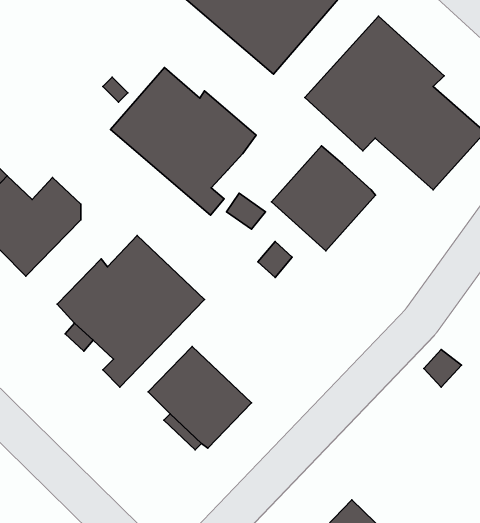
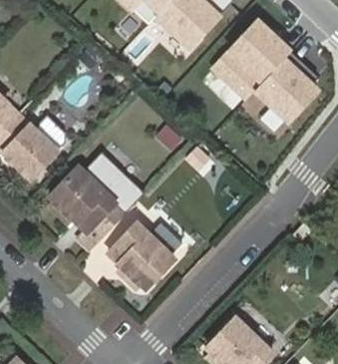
building: [111,68,256,215] -> none
building: [271,146,376,251] -> none

